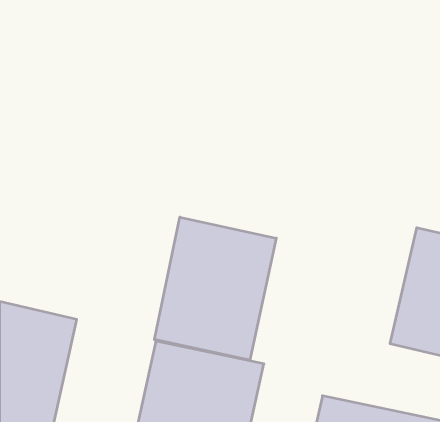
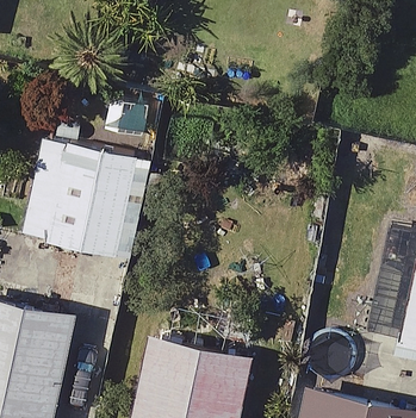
building: none -> [21,141,151,262]
building: [154,217,276,360] -> none

